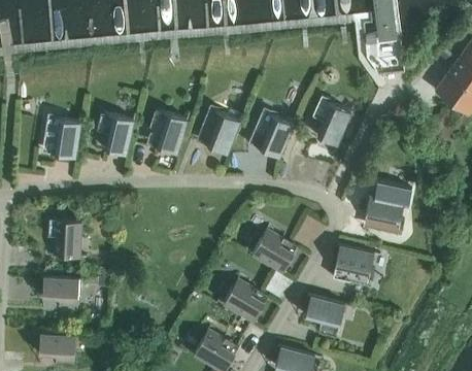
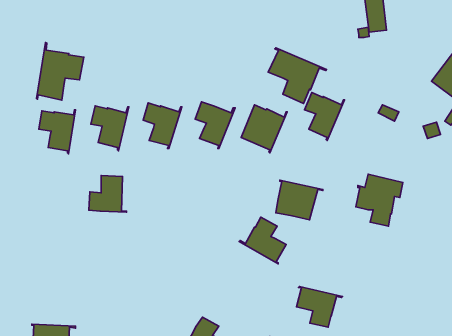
building: none -> [37,43,84,100]
building: none -> [268,48,327,103]
building: [47,221,86,258] -> [89,175,127,212]
building: [332,245,379,285] -> [276,180,323,220]
building: [217,276,264,323] -> none
building: [40,277,85,312] -> none

